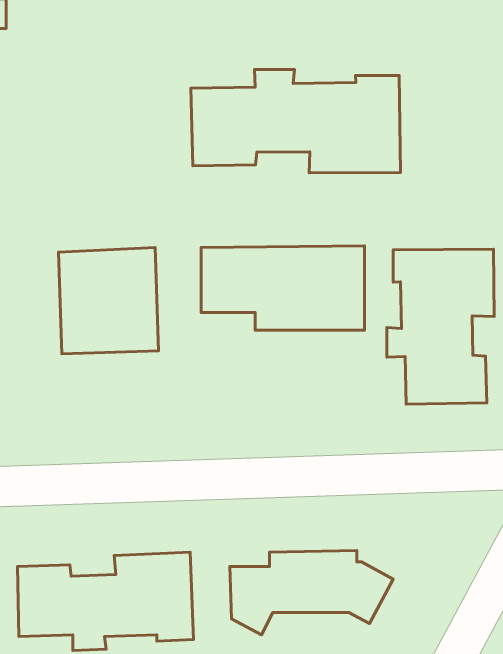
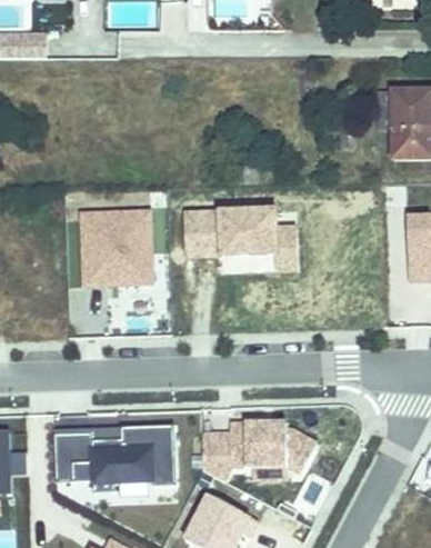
building: [191,69,400,173] -> none
building: [387,249,494,404] -> none

